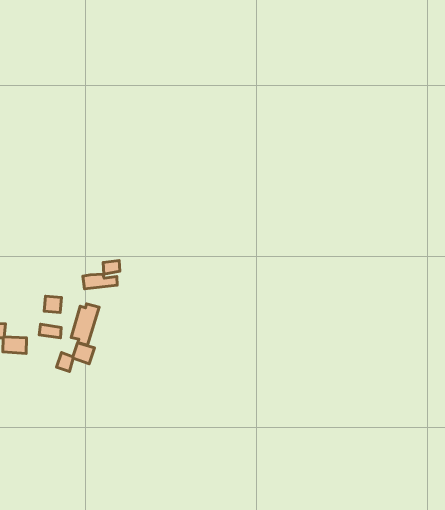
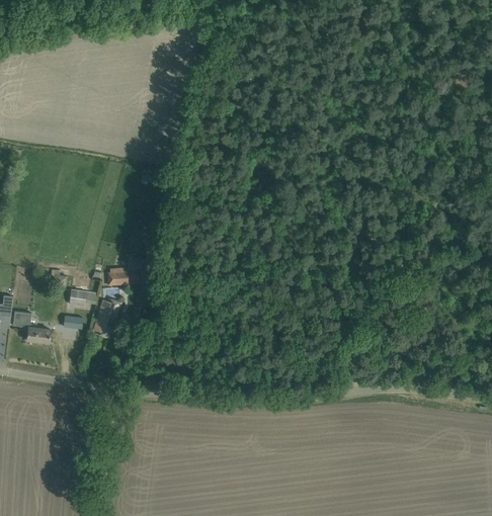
building: [57,343,94,371] -> none

